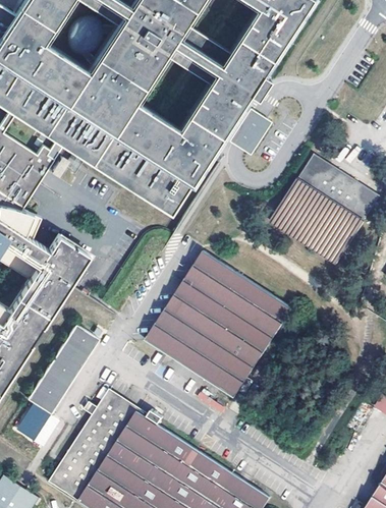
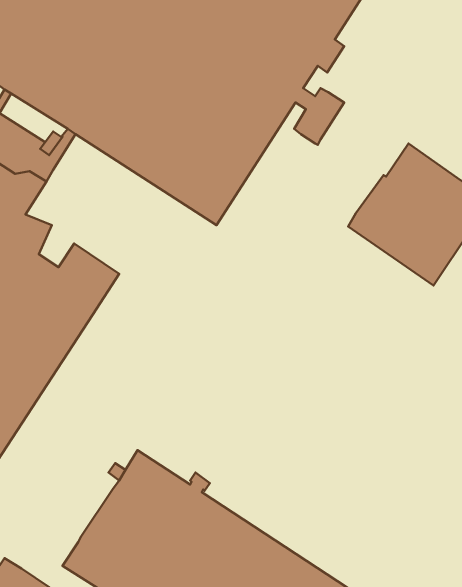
building: [145,249,291,397] -> none
building: [14,323,98,444] -> none

